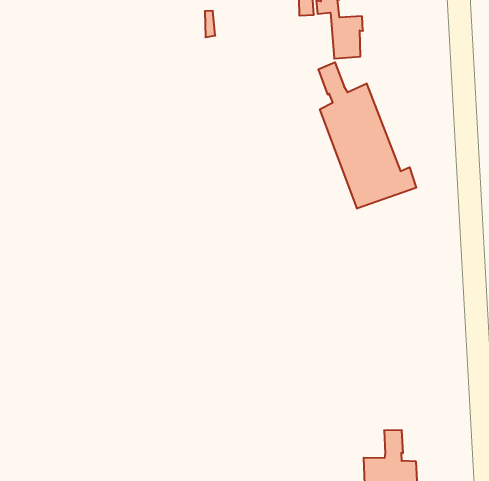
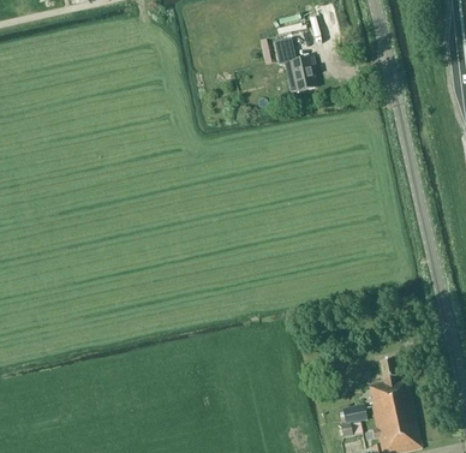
building: [318,62,416,209] -> none

